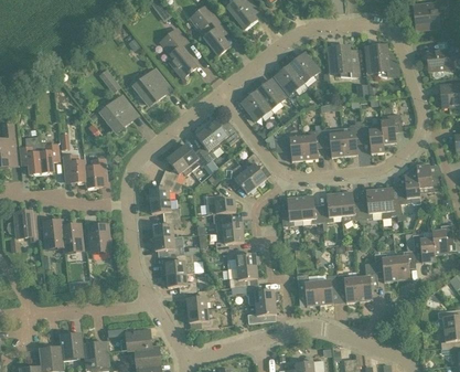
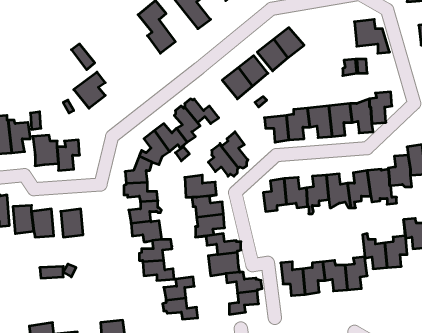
building: [328,46,360,76] -> none
building: [133,67,163,104] -> none

